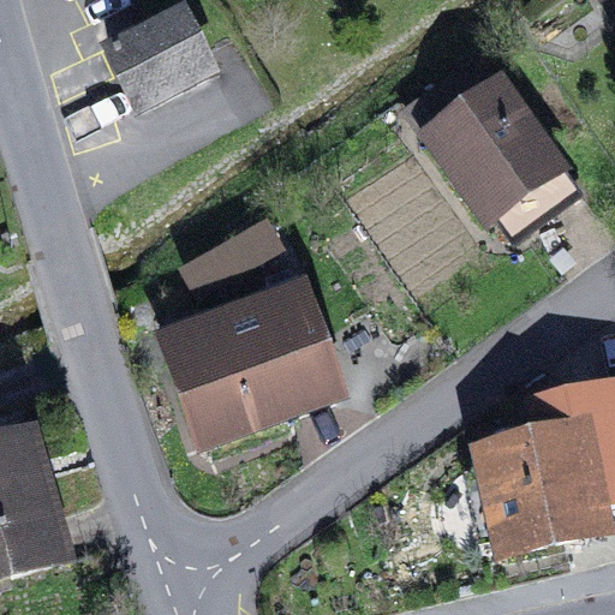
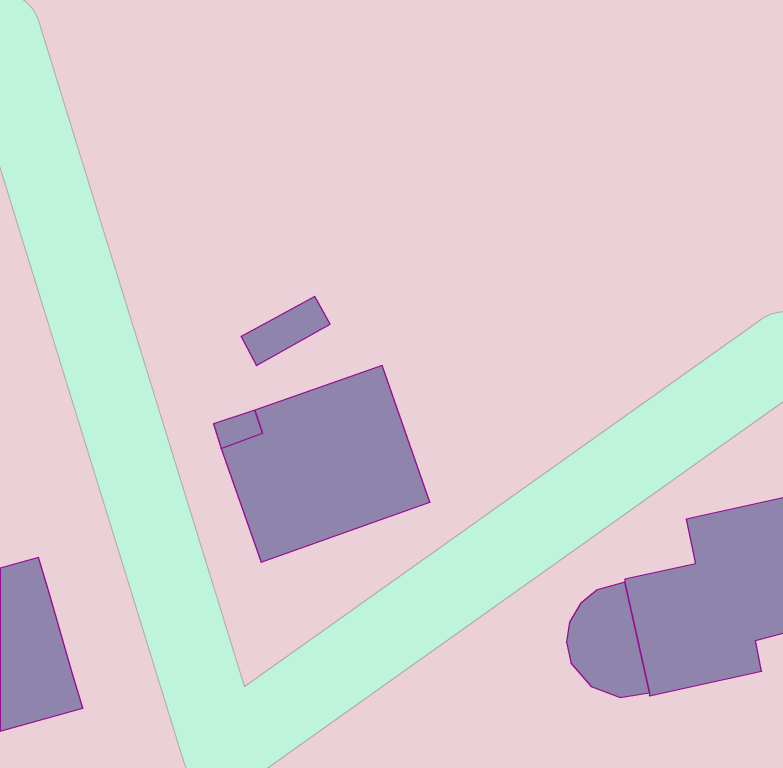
building: [113,11,210,103] -> none
building: [410,73,580,234] -> none

